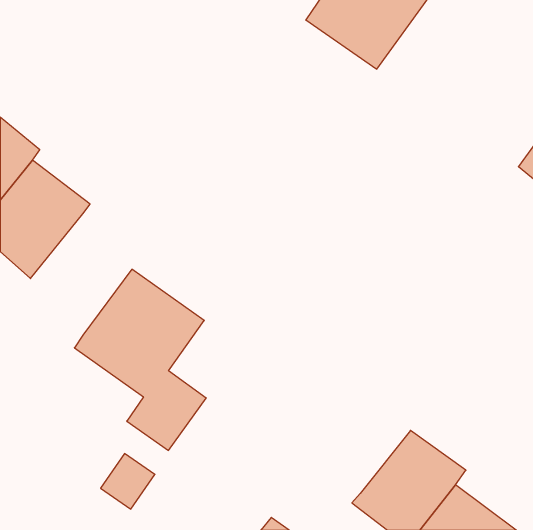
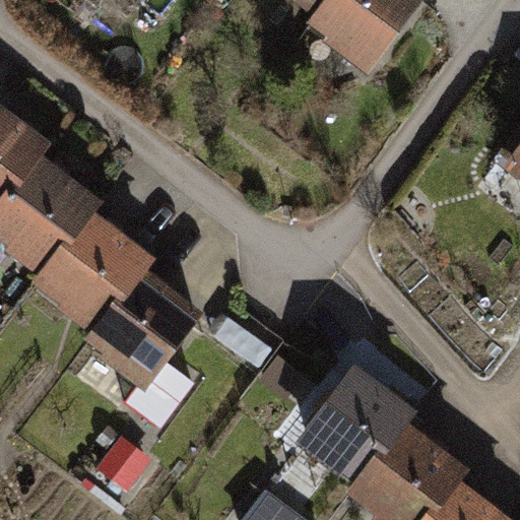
building: none -> [24,207,139,325]
building: none -> [294,365,406,478]

